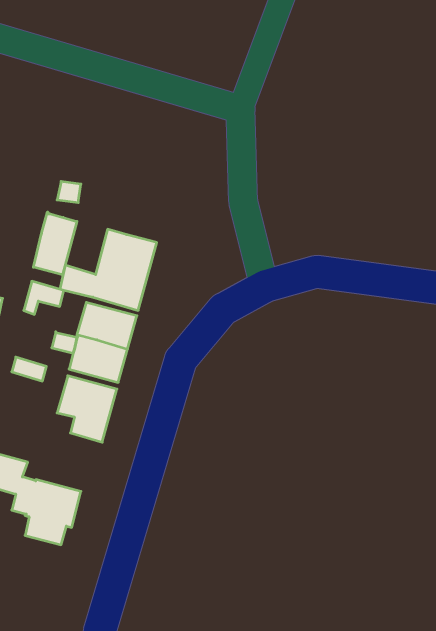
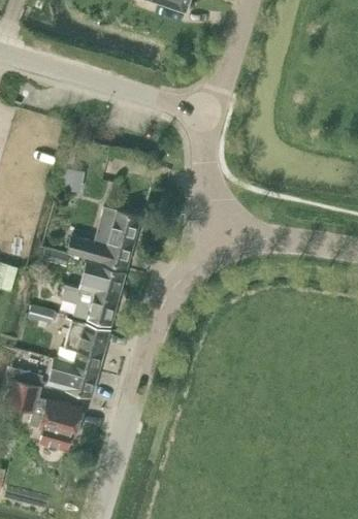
building: [33,212,77,275] -> none
building: none -> [45,358,98,397]

